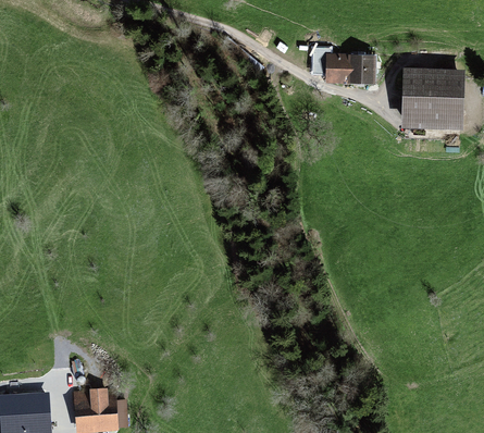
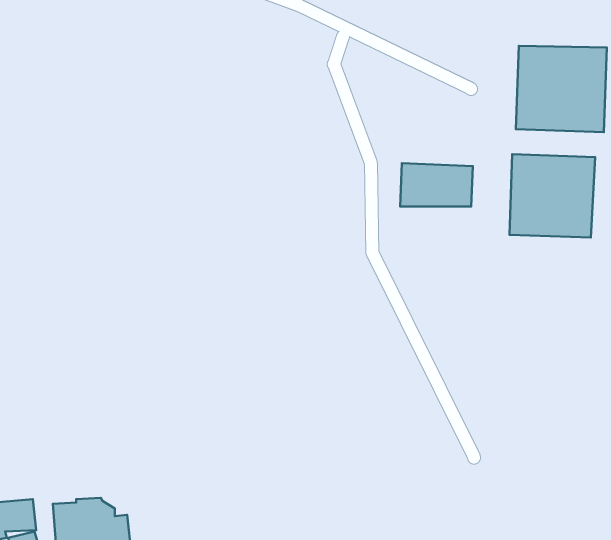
building: [323,53,374,84] -> [400,163,473,206]
building: none -> [509,154,595,238]

